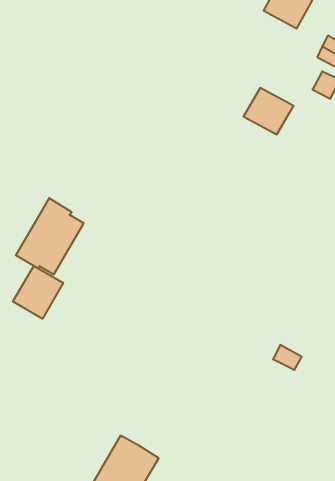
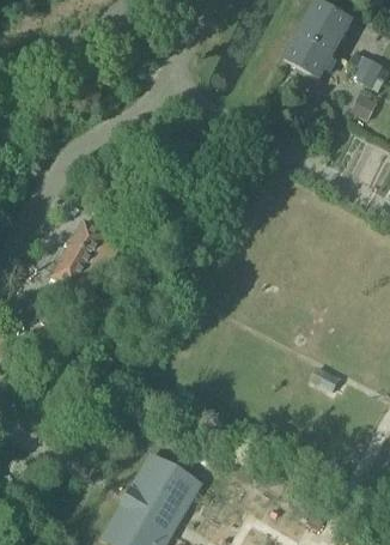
building: [243,88,294,134] -> [282,30,333,77]
building: [13,266,63,319] -> none

